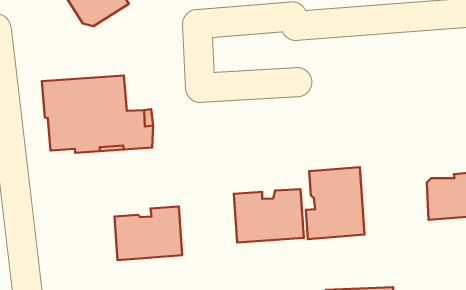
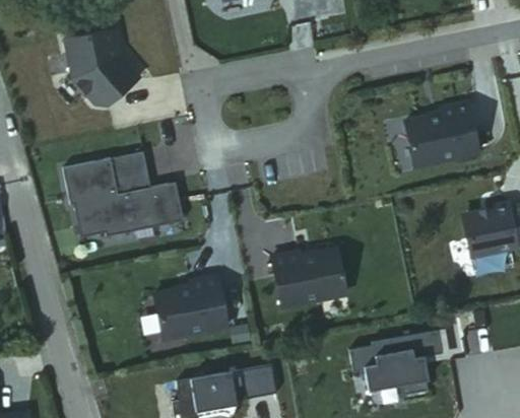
building: none -> [404,102,479,166]
building: [306,167,365,239] -> none

